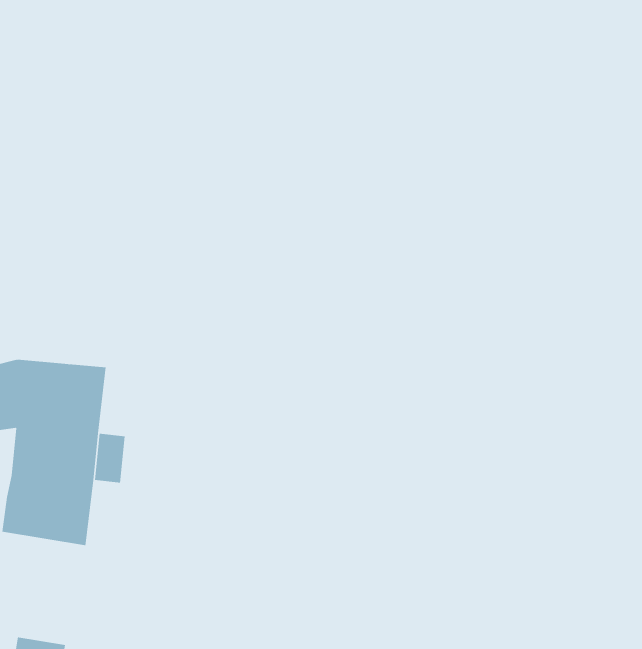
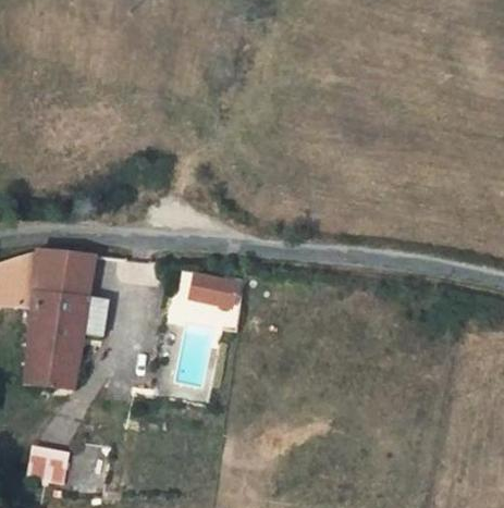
building: none -> [180,267,234,308]

